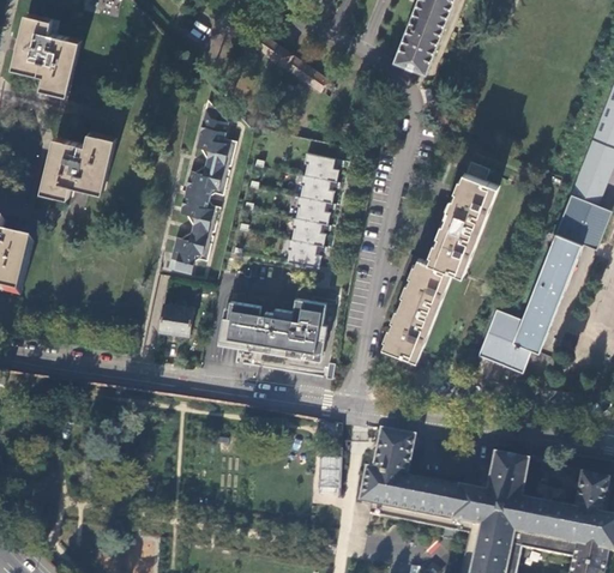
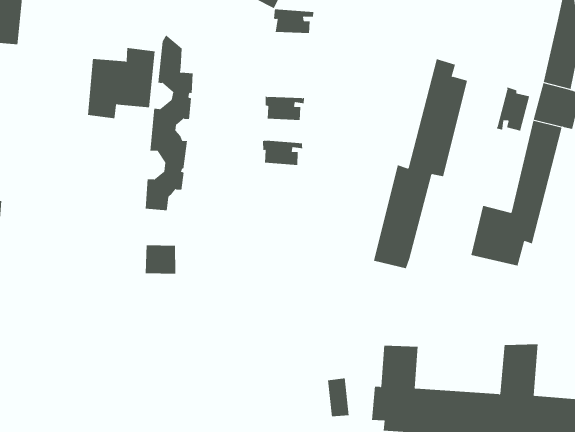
building: [43,129,118,197] -> [87,48,156,119]
building: [302,152,343,181] -> [273,9,314,34]
building: [294,195,335,224] -> none
building: none -> [496,87,530,132]
building: [285,239,326,266] -> none
building: [224,298,327,356] -> none

